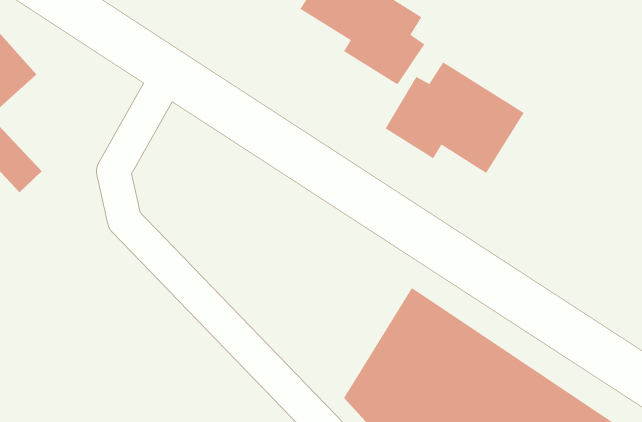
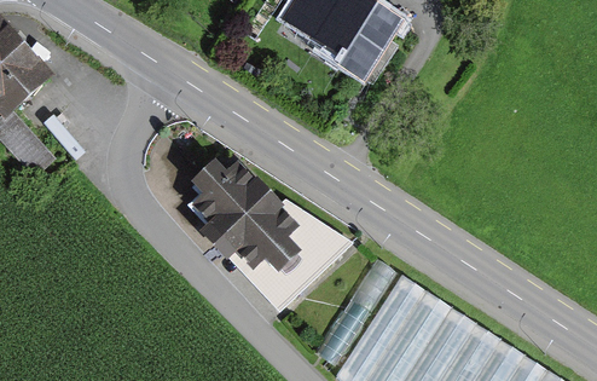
building: [385,61,524,174] -> none
building: none -> [187,156,300,276]

